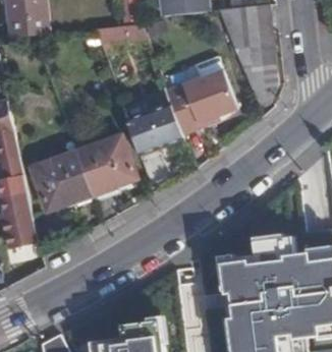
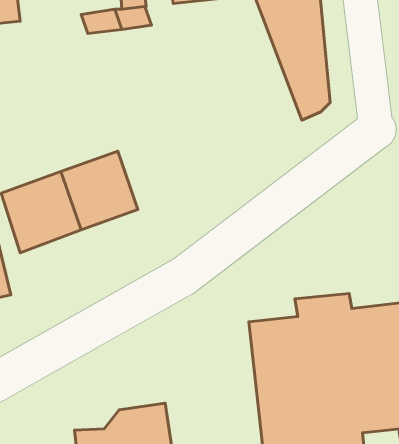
building: [165,68,235,131] -> none
building: [124,104,173,146] -> none

